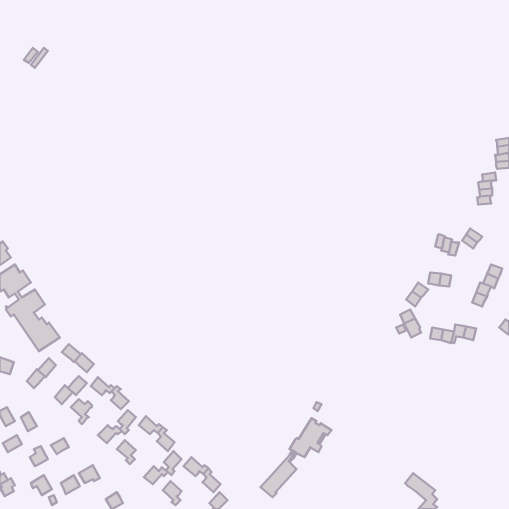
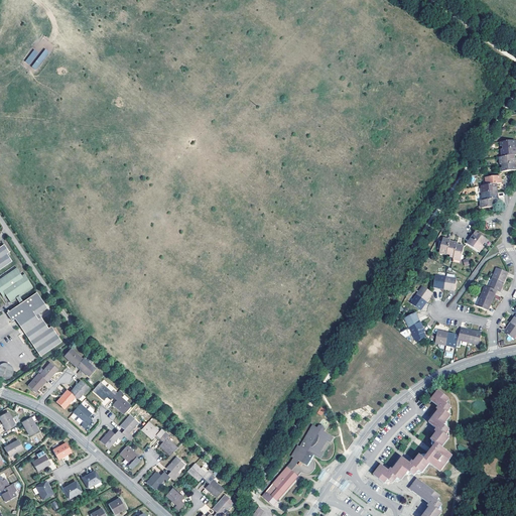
building: none -> [373,390,452,483]

